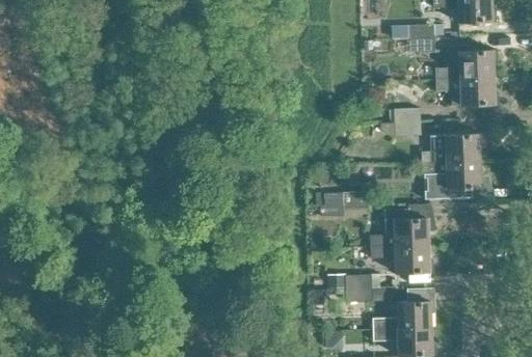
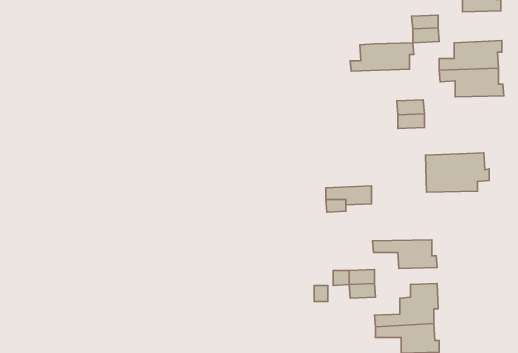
building: [420,134,482,162] -> [350,43,414,71]
building: [369,203,435,246] -> none

